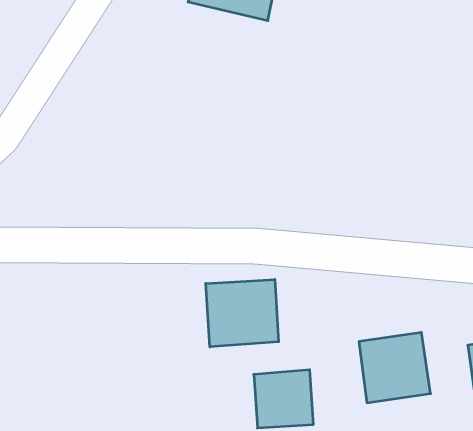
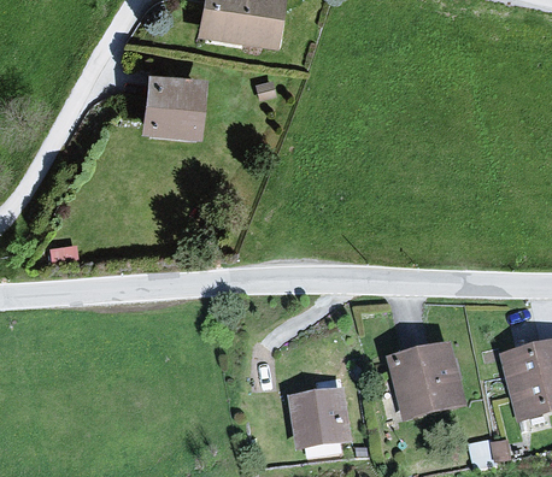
building: none -> [141,69,206,134]
building: [206,279,279,347] -> none

